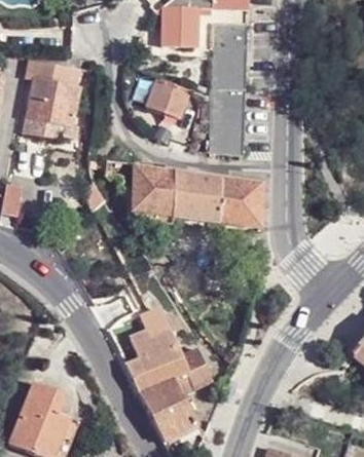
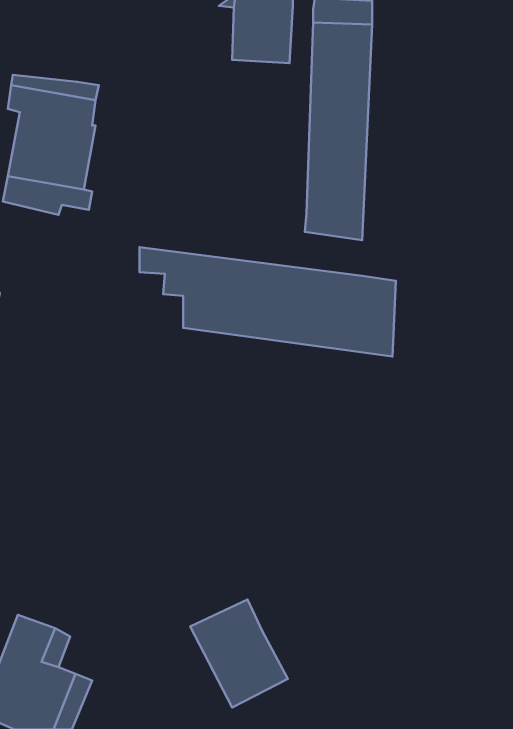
building: [150,78,190,118] -> none
building: [125,308,212,394] -> none

